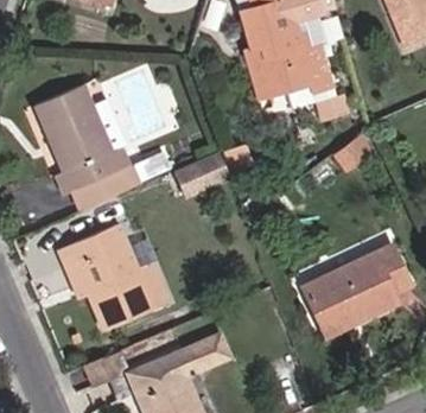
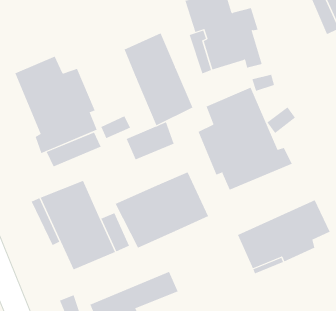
building: none -> [124,32,193,126]
building: none -> [198,87,293,191]
building: none -> [115,171,209,249]

